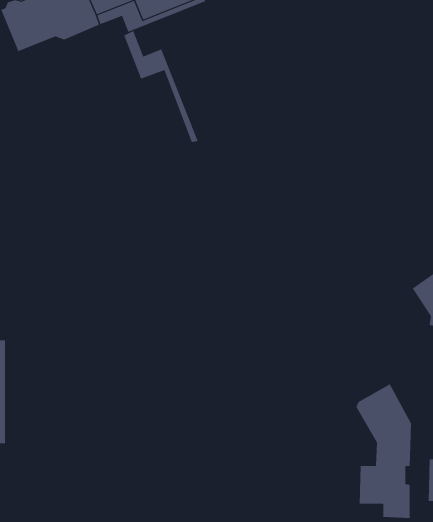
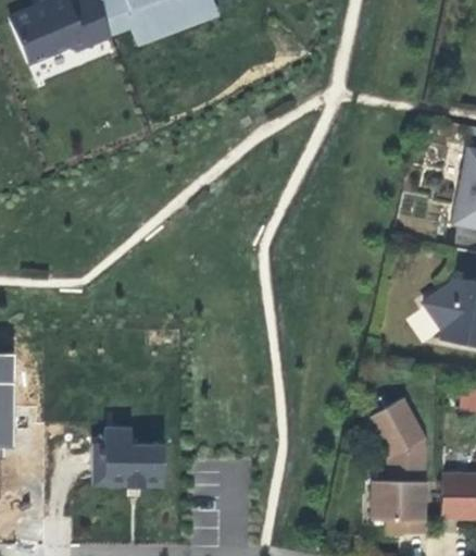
building: [123,30,198,143] -> none
building: none -> [92,428,161,485]

